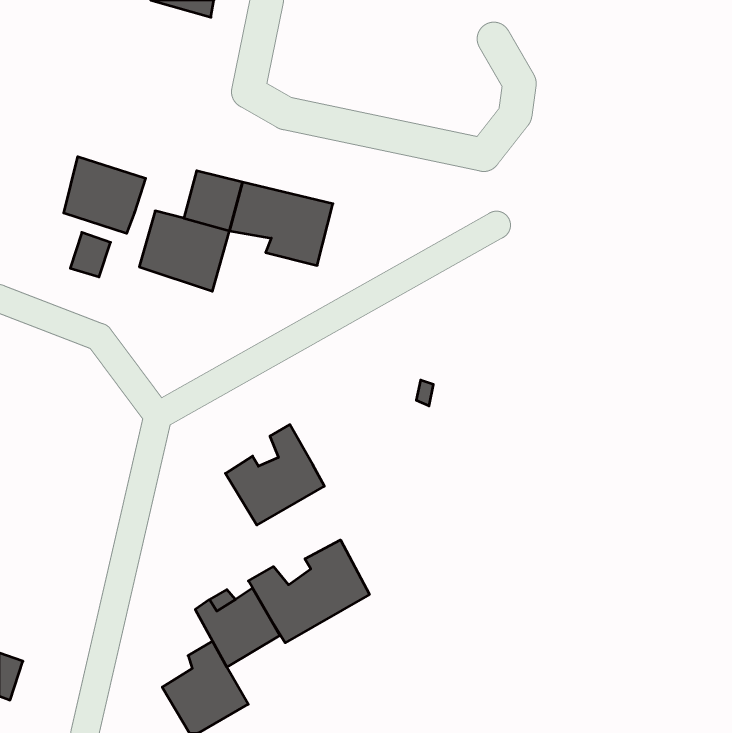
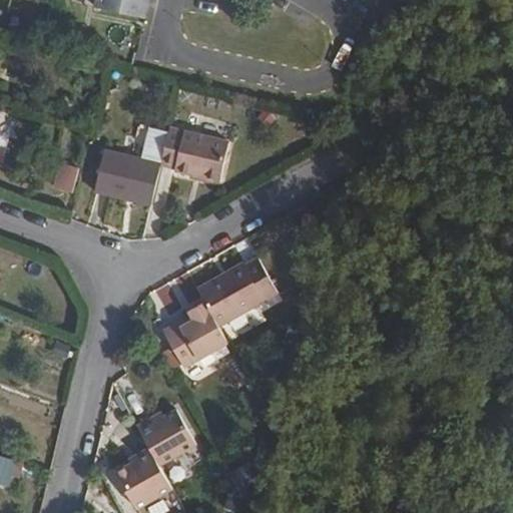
building: [64,157,146,233] -> none
building: none -> [198,263,275,325]
building: [248,540,369,643] -> none

